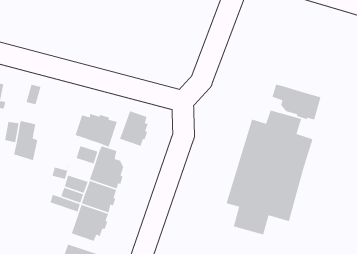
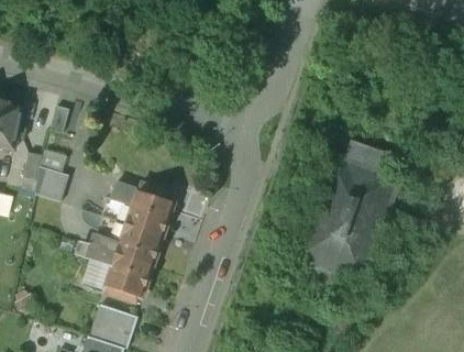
building: [271,84,322,121] -> none
building: [119,110,149,147] -> none
building: [75,113,118,148] -> none

